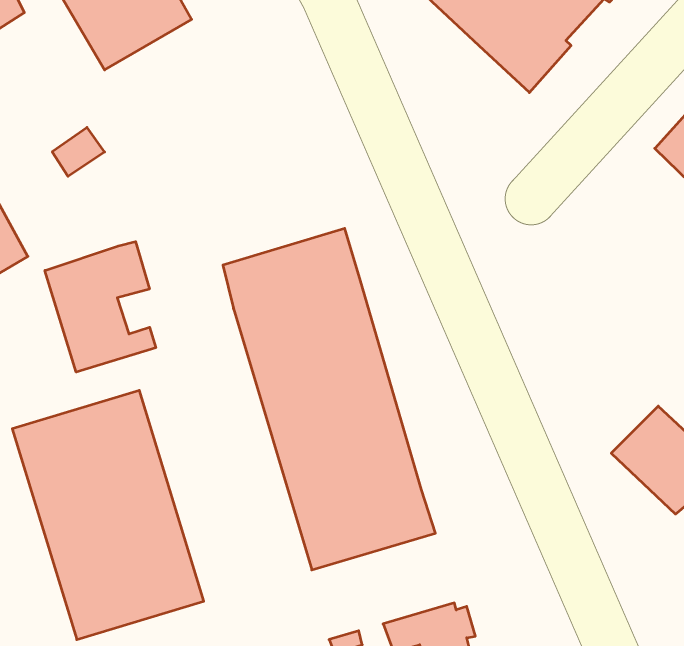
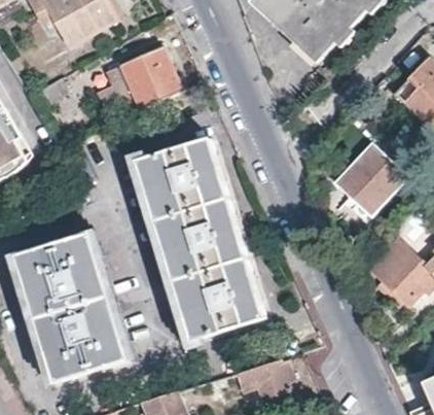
building: none -> [94,45,180,109]
building: none -> [333,139,405,218]
building: [45,242,156,372] -> none

